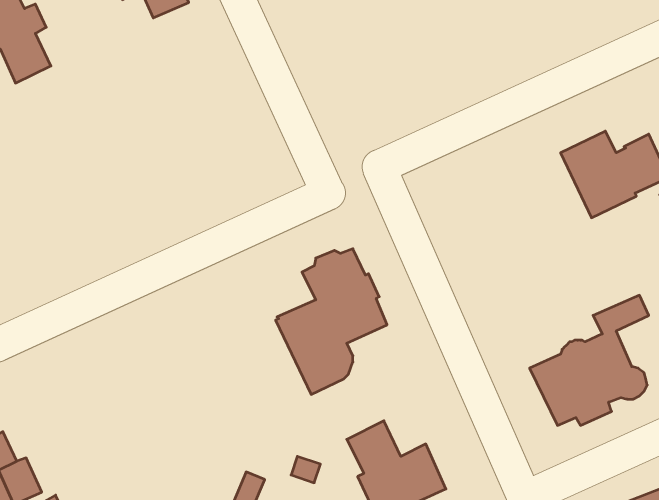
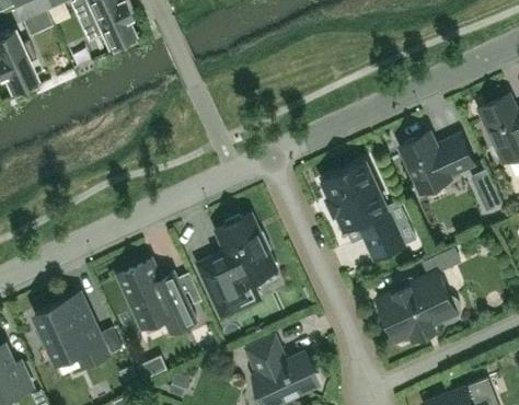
building: none -> [323,163,404,259]
building: none -> [118,261,196,333]
building: none -> [35,300,108,366]

